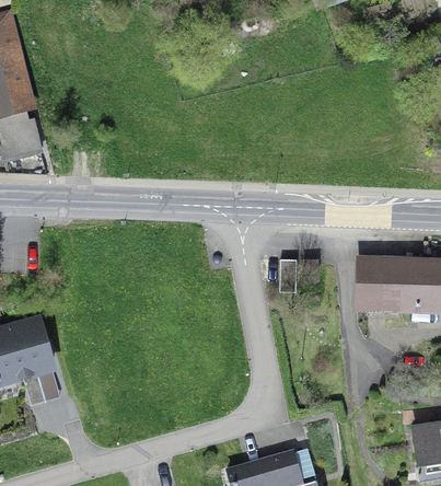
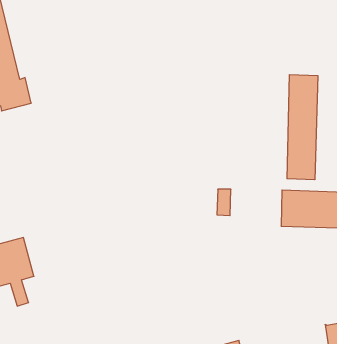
building: none -> [287,75,318,180]

